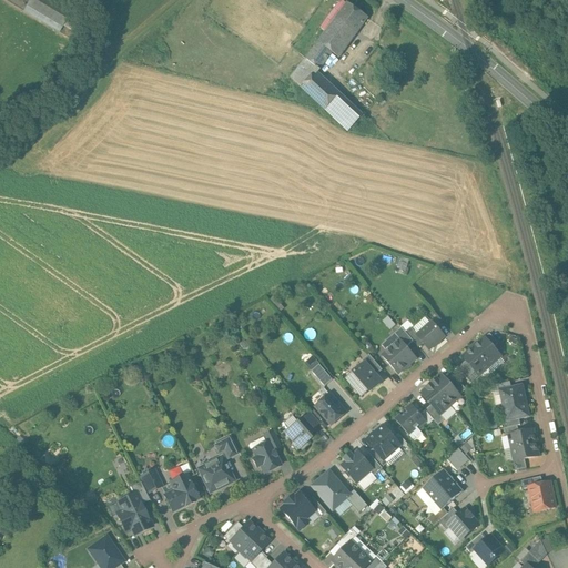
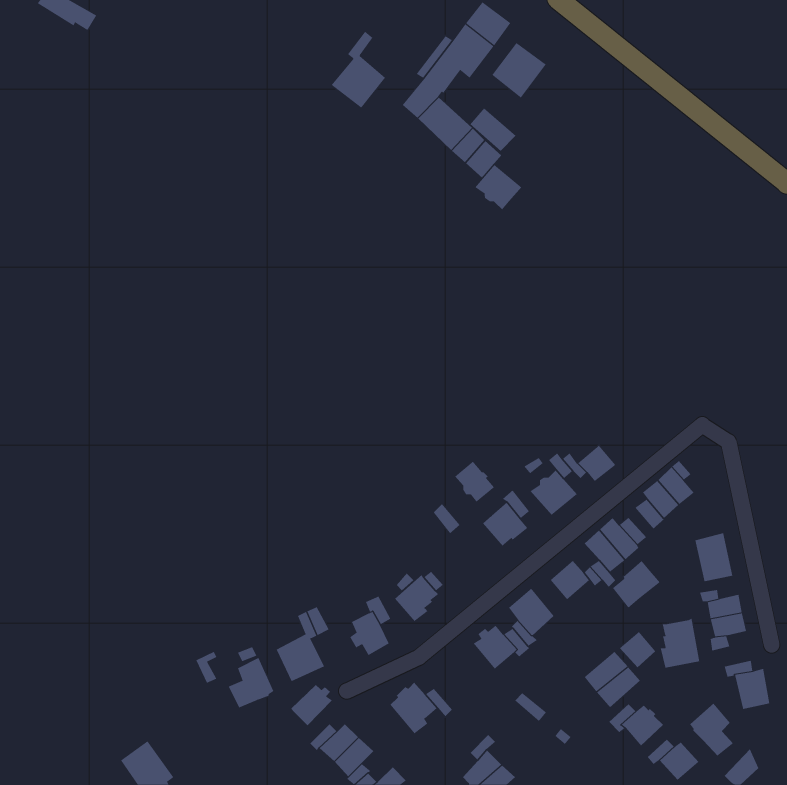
building: none -> [331,31,386,108]
building: none -> [492,42,546,99]
building: none -> [470,107,517,152]
building: none -> [474,164,522,210]
building: [316,393,345,423] -> [455,461,495,503]
building: none -> [612,560,660,608]
building: none -> [660,618,700,669]
building: [312,470,349,508] -> none
building: none -> [291,684,333,726]
building: [118,494,152,534] -> none
building: none -> [690,703,734,756]

